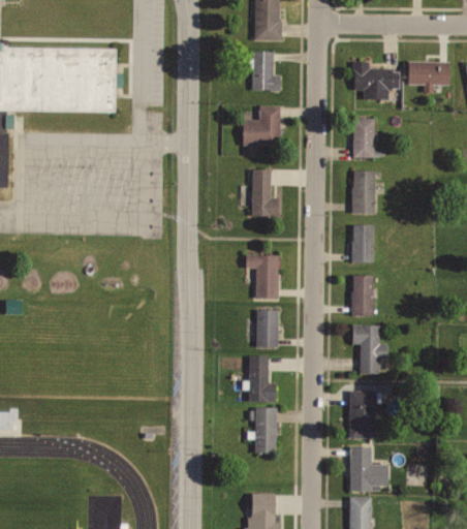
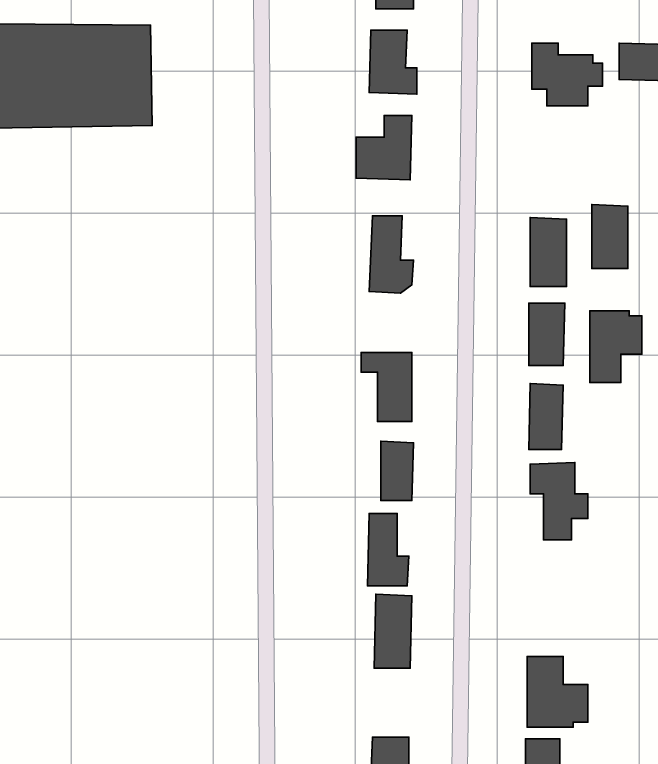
building: [352,118,375,158] -> [592,204,628,268]
building: none -> [590,311,642,383]
building: [350,391,382,437] -> none

